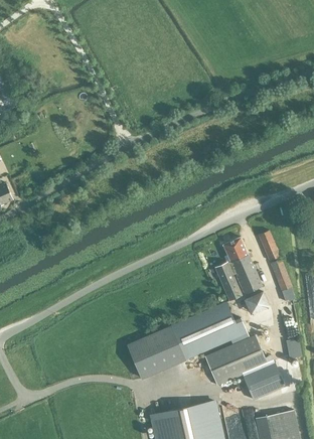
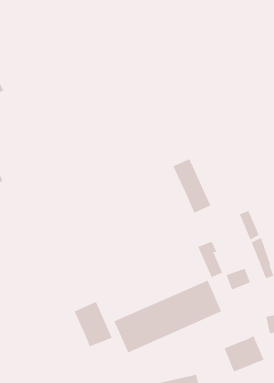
building: [222,237,263,294] -> [173,158,211,213]
building: none -> [74,301,112,347]
building: [204,334,268,385] -> none

